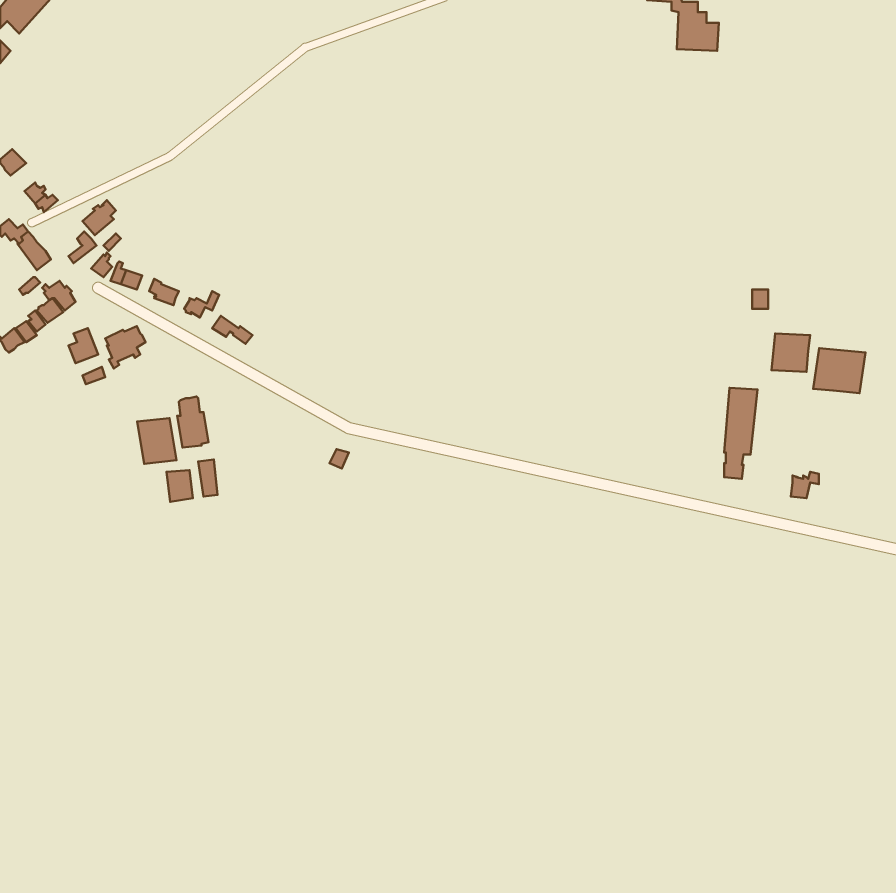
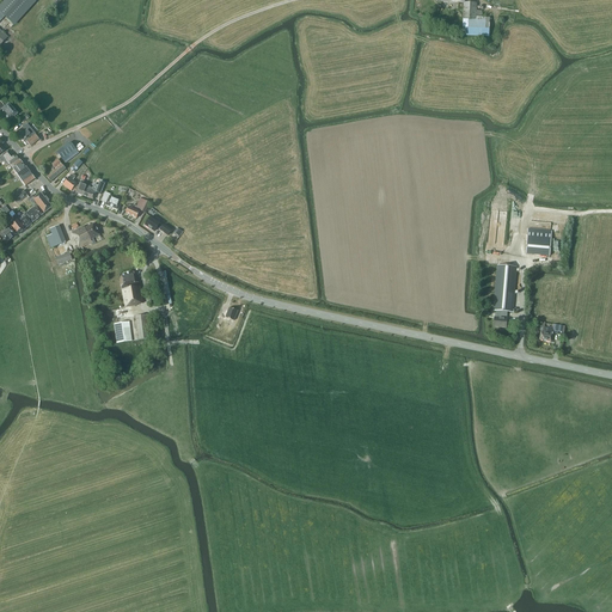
building: [813,348,866,393] -> none
building: [137,418,177,464] -> none

